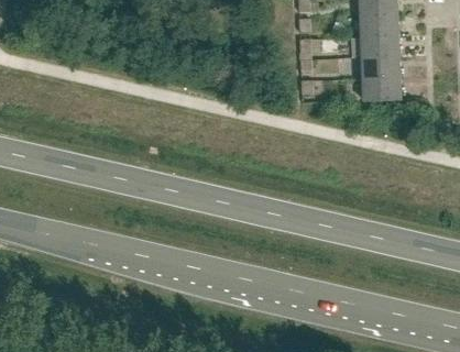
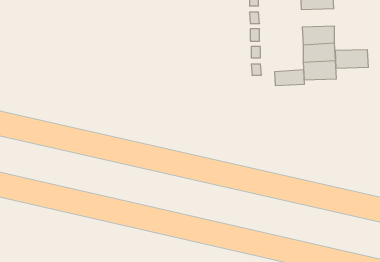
building: [360,17,399,39] -> [335,50,368,68]
building: none -> [275,70,304,86]

